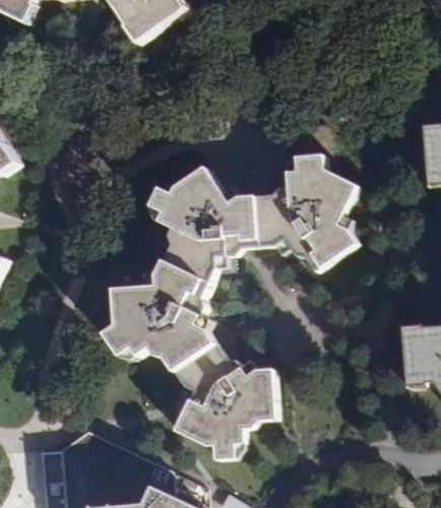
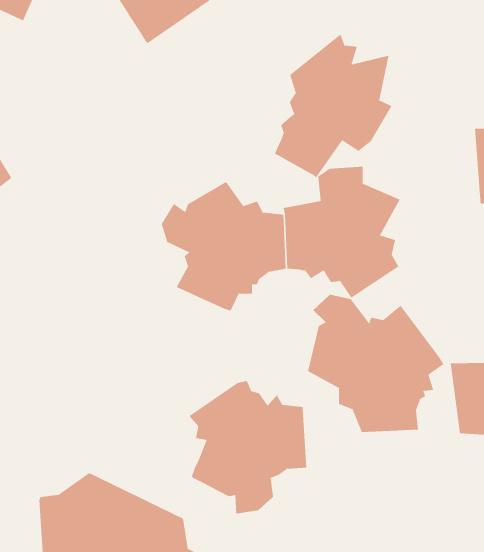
building: none -> [274,33,392,178]
building: [101,261,214,375] -> none
building: none -> [308,294,444,433]

